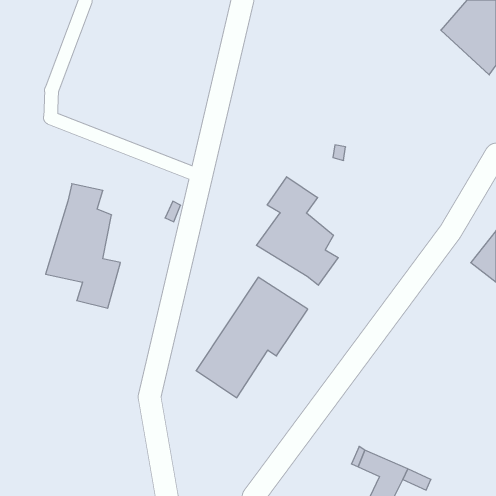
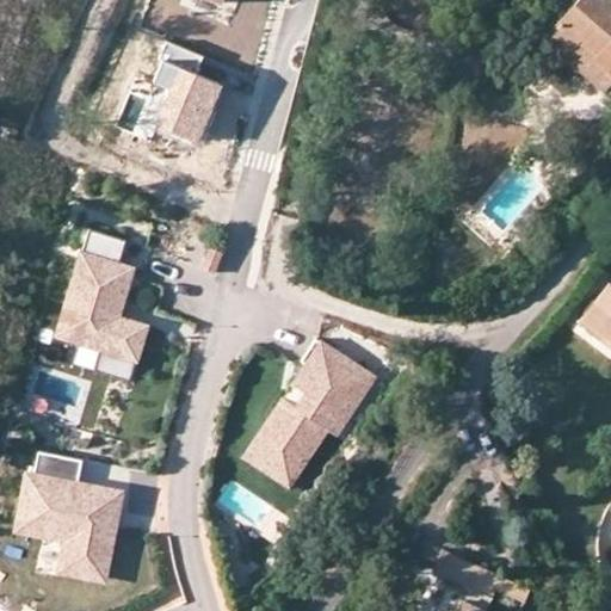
building: none -> [152,43,220,143]
building: [256,177,338,285] -> none
building: none -> [14,449,124,586]

